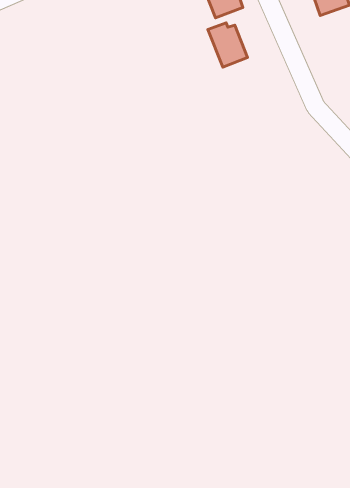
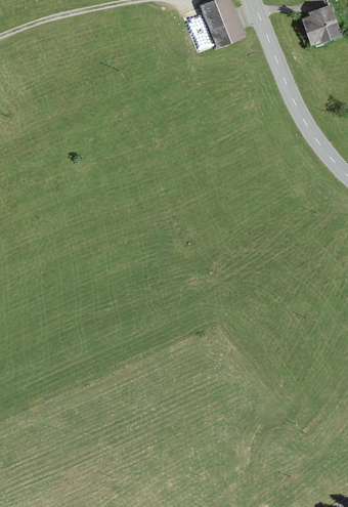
building: [208,23,247,67] -> none

